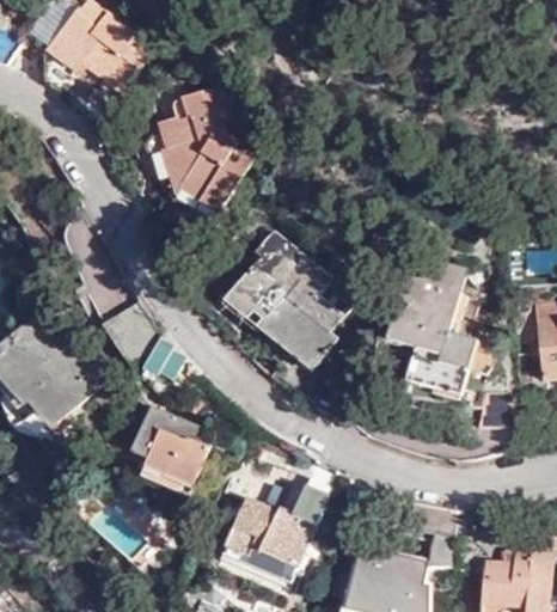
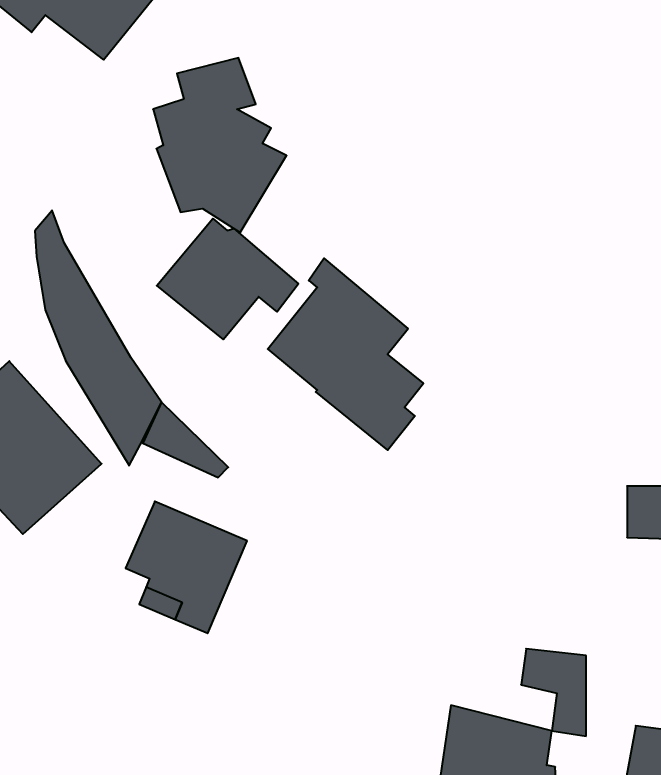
building: none -> [157,219,298,339]
building: [382,252,476,398] -> none
building: [221,484,326,587] -> none

